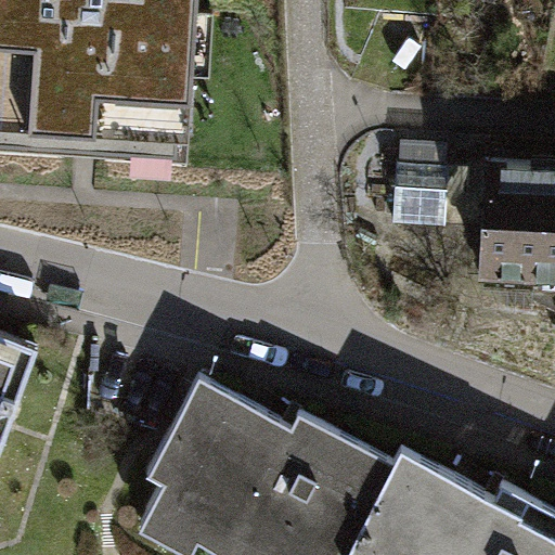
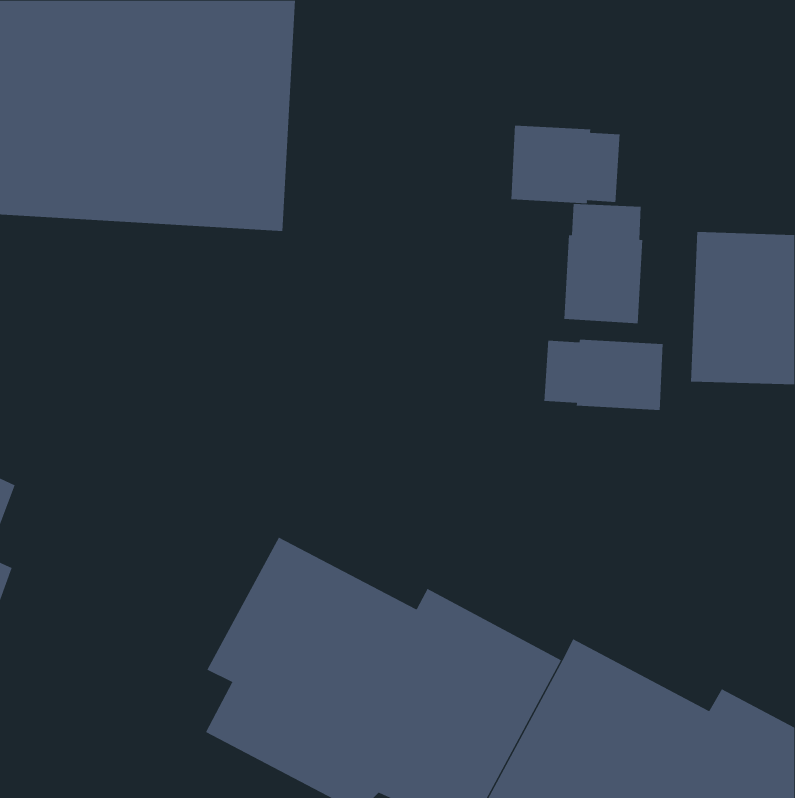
building: none -> [511,125,620,204]
building: none -> [544,339,663,411]

